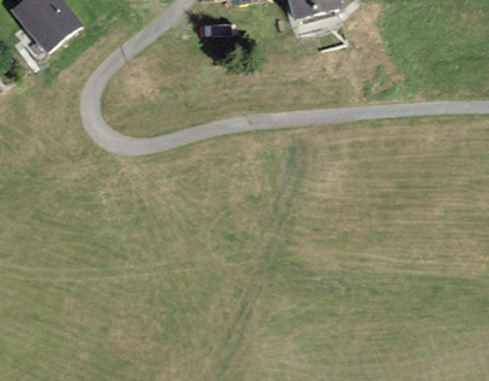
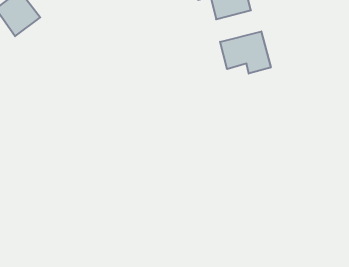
building: none -> [220,31,271,74]

